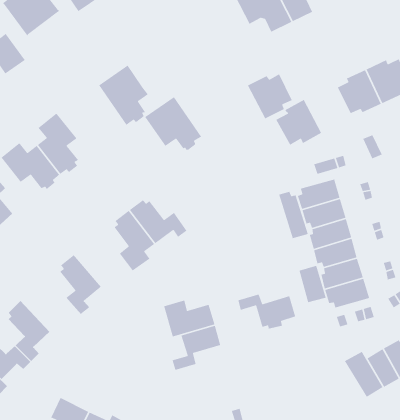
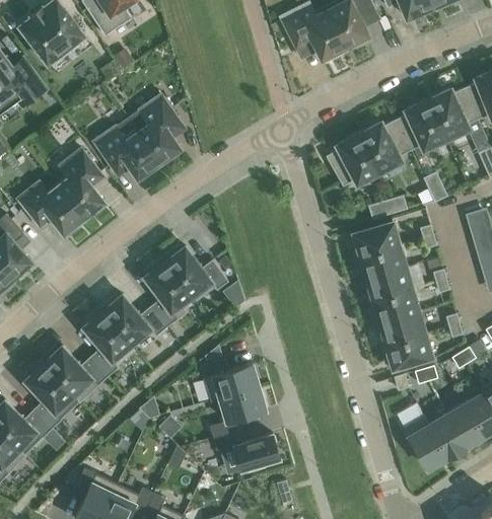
building: [247,73,293,119] -> [359,121,411,172]
building: [144,96,202,150] -> [94,119,159,179]
building: [278,191,309,239] -> none
building: none -> [100,295,166,345]
building: [298,265,327,303] -> none
building: none -> [41,347,109,402]
building: [238,294,296,330] -> [214,432,280,472]

